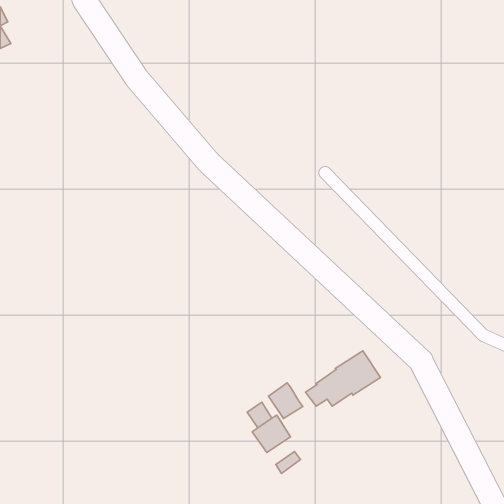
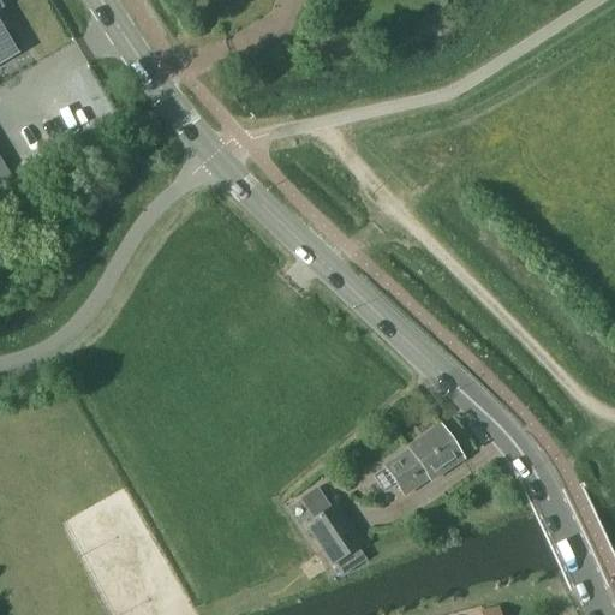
building: [268,383,303,419] -> none

